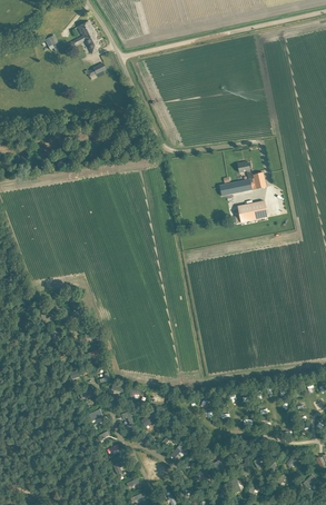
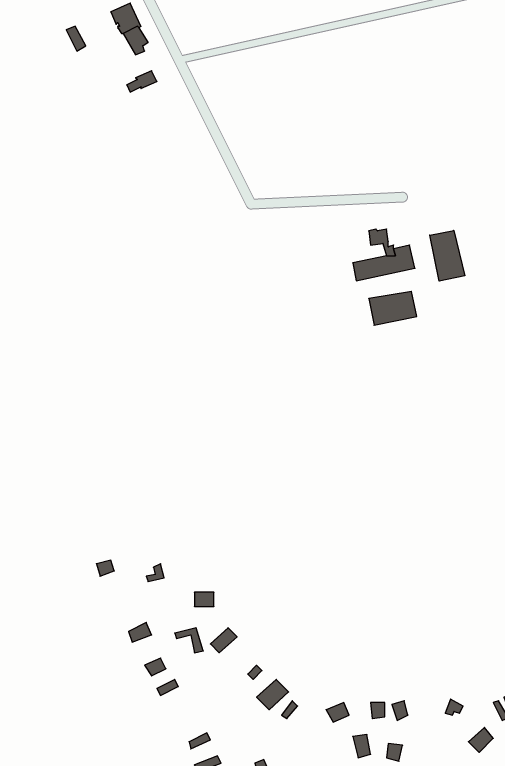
building: none -> [430,230,465,281]

